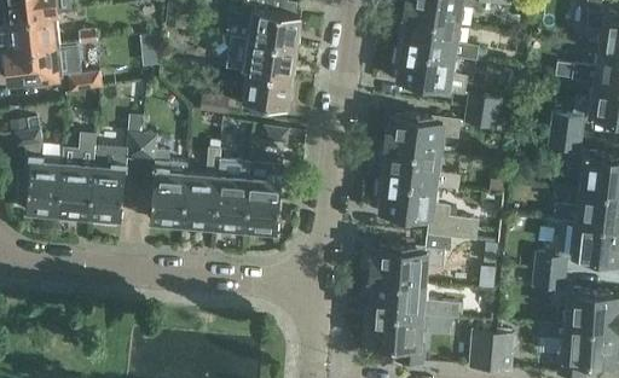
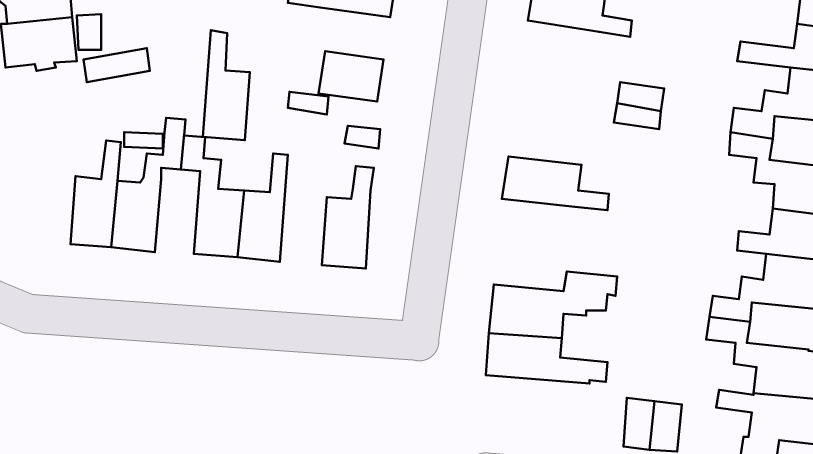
building: [244,39,296,77] -> none
building: [397,48,465,94] -> none
building: [384,116,458,156] -> none
building: [13,120,62,215] -> none
building: [214,149,249,231] -> [203,30,250,140]
building: [377,181,479,240] -> none
building: [364,313,445,364] -> none

